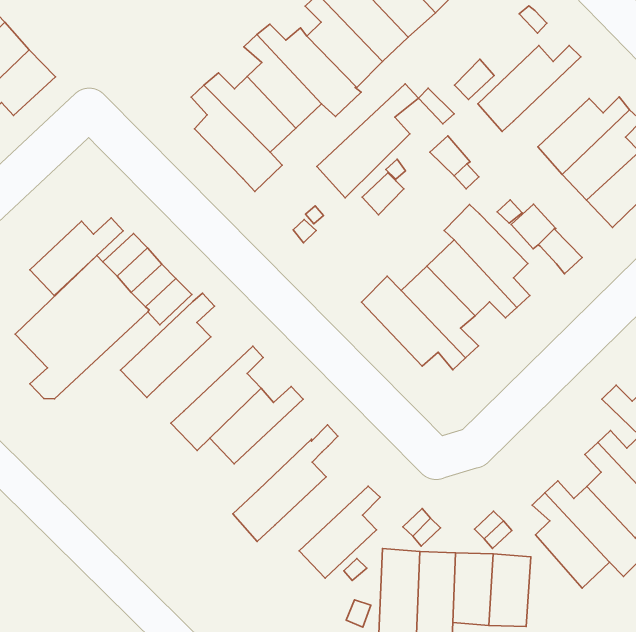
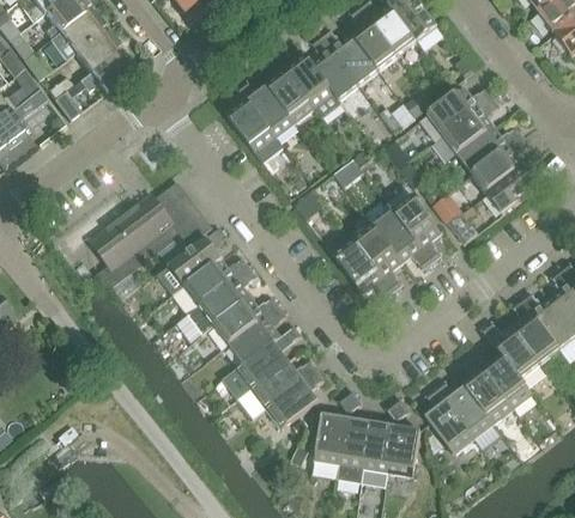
building: none -> [442,97,498,154]
building: [317,84,419,198] -> none
building: [30,218,123,295] -> [183,257,249,305]
building: none -> [228,306,285,364]
building: none -> [250,360,316,408]

